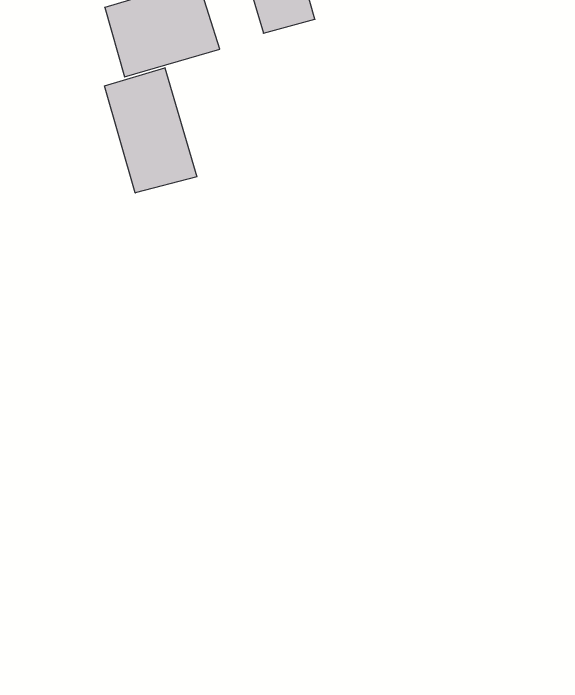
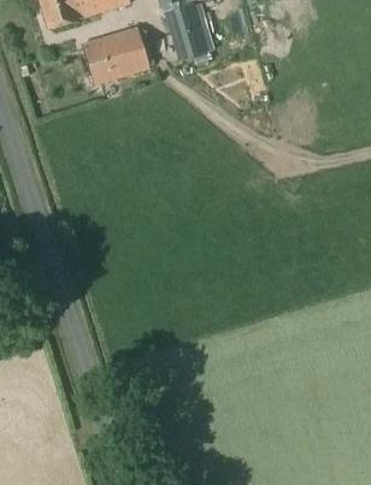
building: [104,68,197,193] -> none

